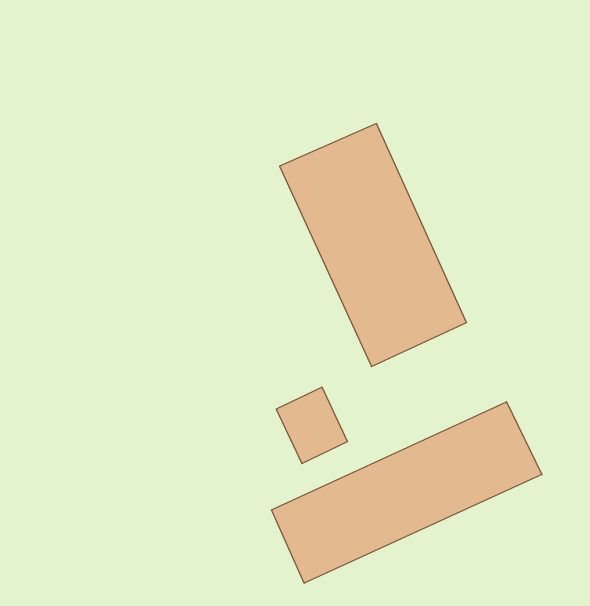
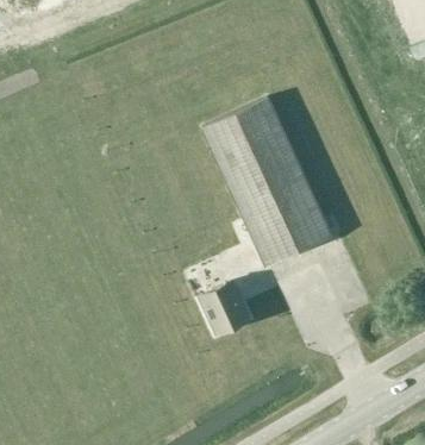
building: [271,402,542,583] -> none

